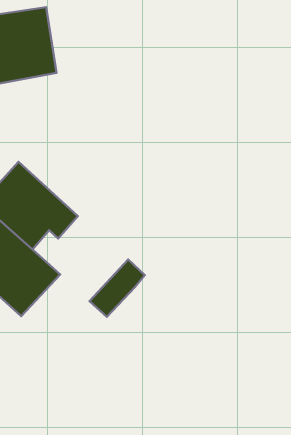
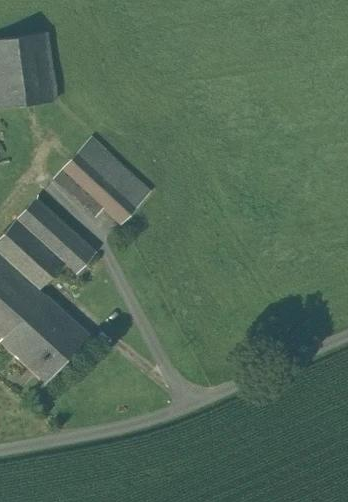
building: none -> [50,133,151,234]
building: [89,259,145,317] -> [30,318,90,380]

